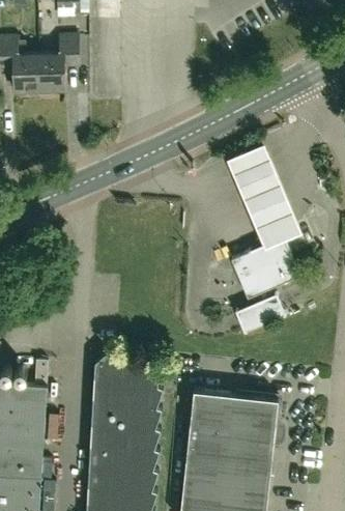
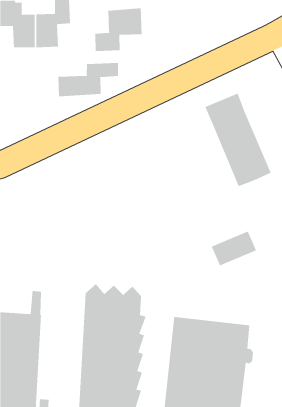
building: none -> [95,7,142,52]
building: none -> [58,62,118,97]
building: [230,240,299,301] -> none

